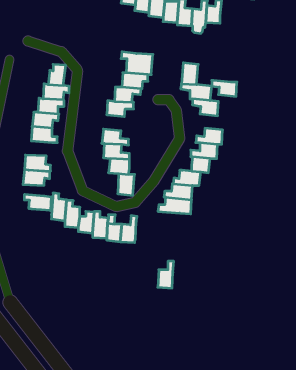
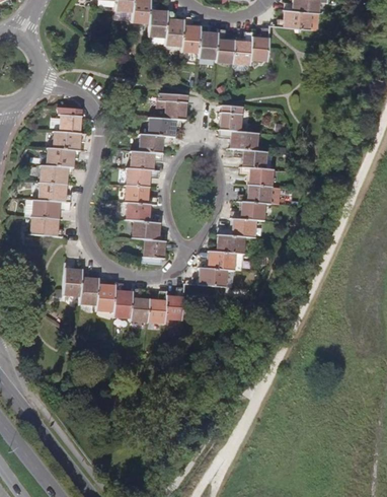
building: [212,80,237,96] -> [241,167,272,187]
building: none -> [127,168,159,188]
building: [23,169,50,185] -> [32,199,65,218]
building: [24,194,51,211] -> none
building: [158,261,174,288] -> [165,287,184,320]

